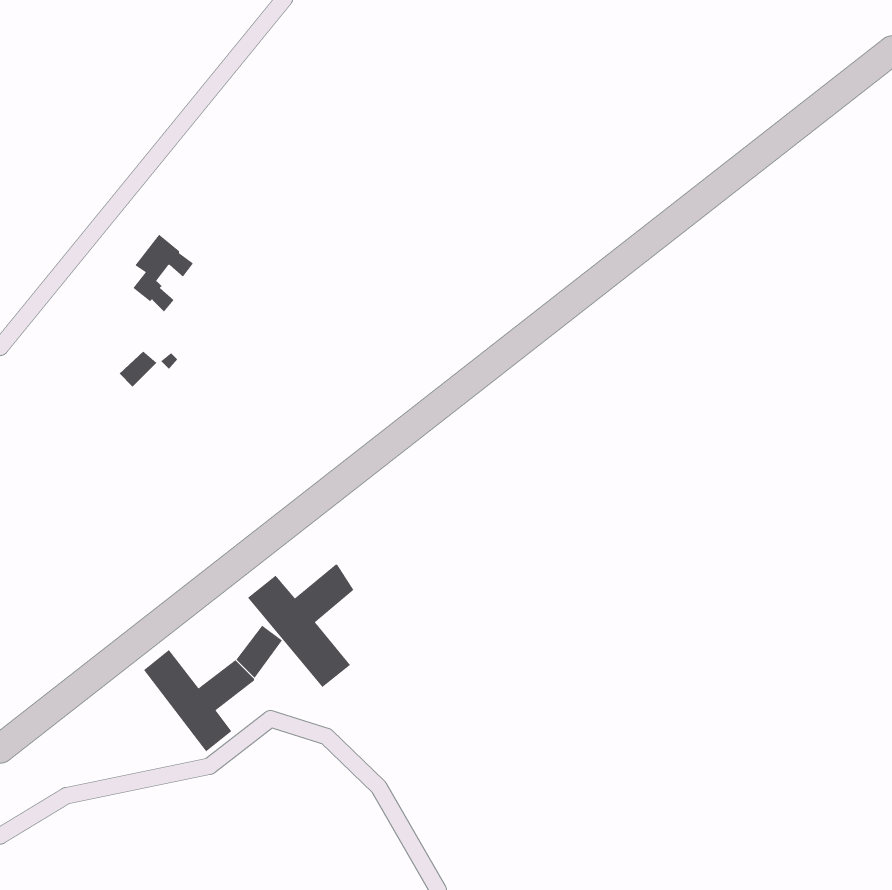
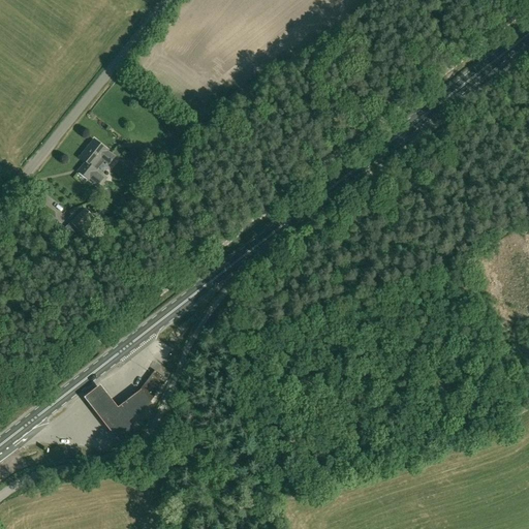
building: [247,564,354,688] -> none

